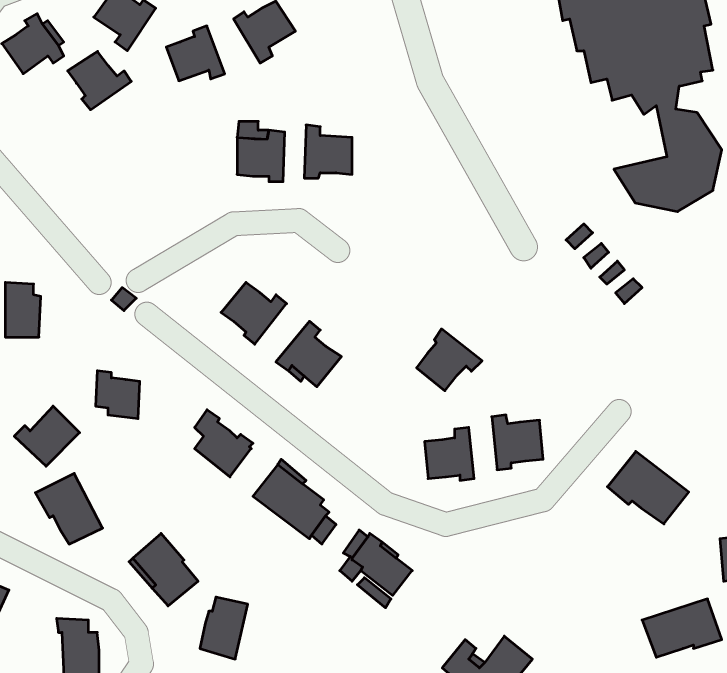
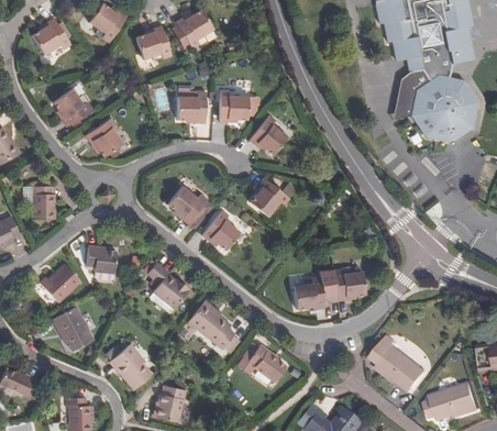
building: [68,51,131,110] -> [52,89,91,125]
building: none -> [394,69,444,119]
building: none -> [250,115,287,156]
building: none -> [84,117,121,157]
building: [417,329,482,391] -> [250,179,290,218]
building: [607,451,689,524] -> [375,344,426,389]

